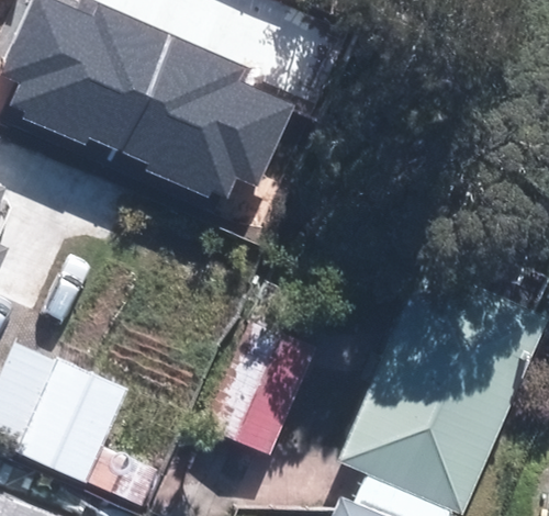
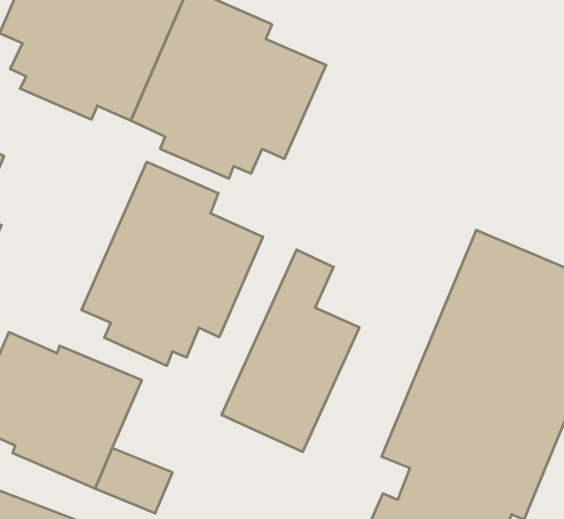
building: none -> [82,162,263,366]

